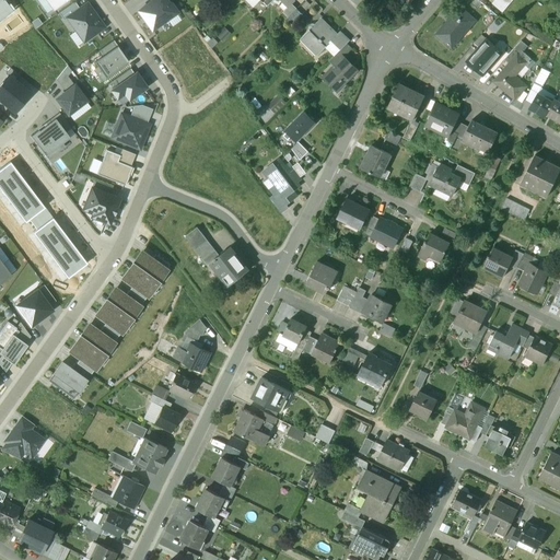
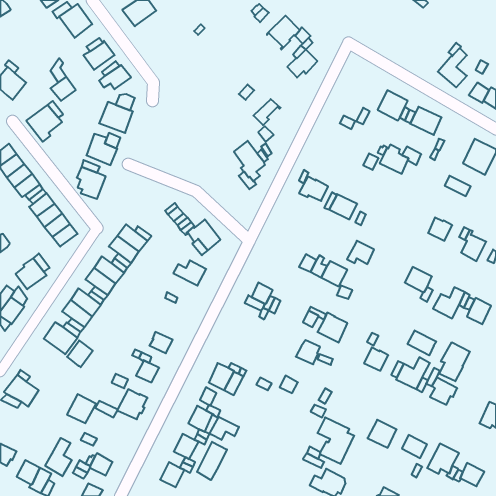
building: [436,7,476,48] -> none
building: [462,39,499,77] -> none
building: [387,83,424,120] -> none
building: [360,144,390,176] -> none
building: [419,234,450,260] -> [347,241,374,264]
building: [305,260,337,294] -> none
building: [312,335,339,362] -> [296,340,320,364]
building: [173,343,210,372] -> [173,260,206,286]
building: none -> [408,330,436,355]
building: [250,377,288,410] -> none
building: none -> [67,340,93,367]
building: none -> [439,342,470,381]
building: [376,440,409,471] -> [367,420,397,448]
building: none -> [210,417,239,440]
building: [112,475,144,508] -> [67,394,96,423]
building: none -> [45,438,72,476]
building: none -> [197,442,227,480]

